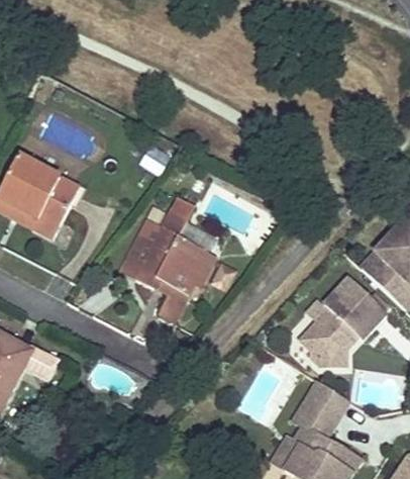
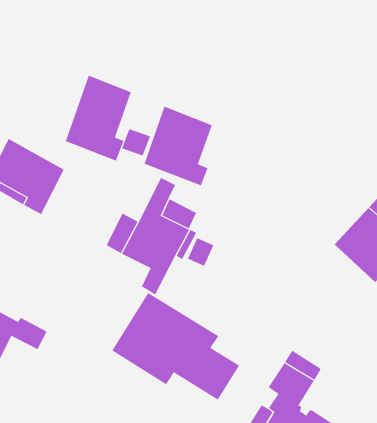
building: none -> [65,75,132,162]
building: none -> [144,106,213,186]
building: [299,276,386,364] -> none
building: none -> [111,292,240,400]

